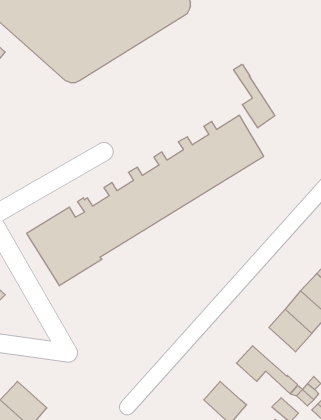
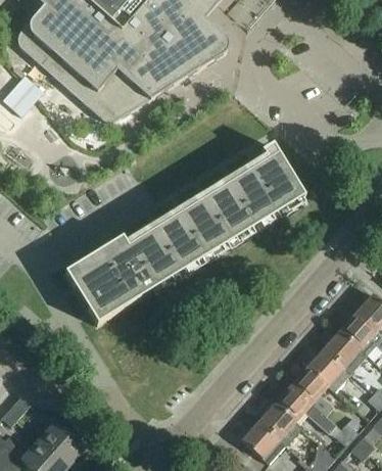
building: [234,64,275,128] -> none
building: none -> [291,367,333,416]
building: none -> [258,403,295,439]

